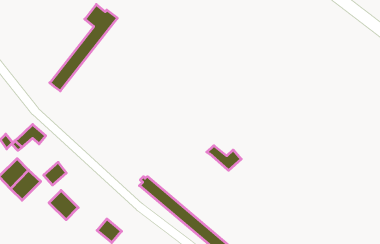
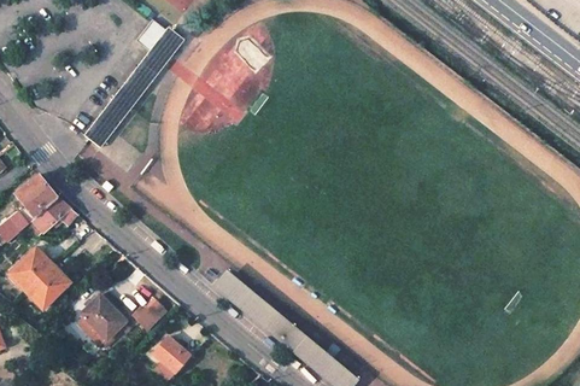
building: none -> [16,175,57,218]
building: [207,146,241,170] -> none
building: [44,162,66,185] -> [131,297,165,331]

